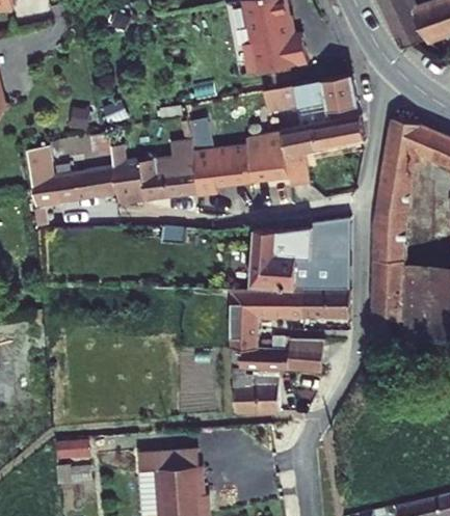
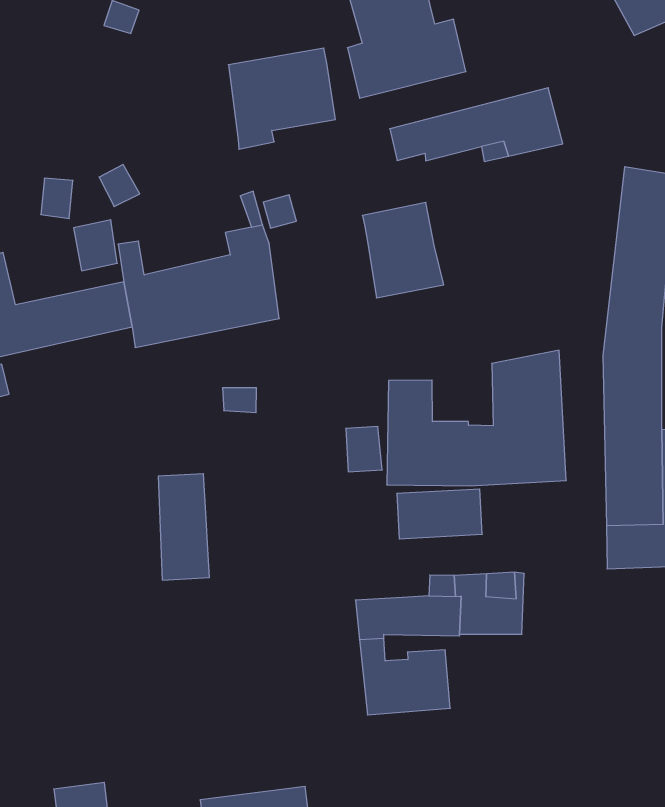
building: [280,115,365,187] -> none
building: [193,144,250,197] -> [228,48,335,149]
building: [230,292,256,349] -> [158,474,209,580]
building: [301,292,349,317] -> none

